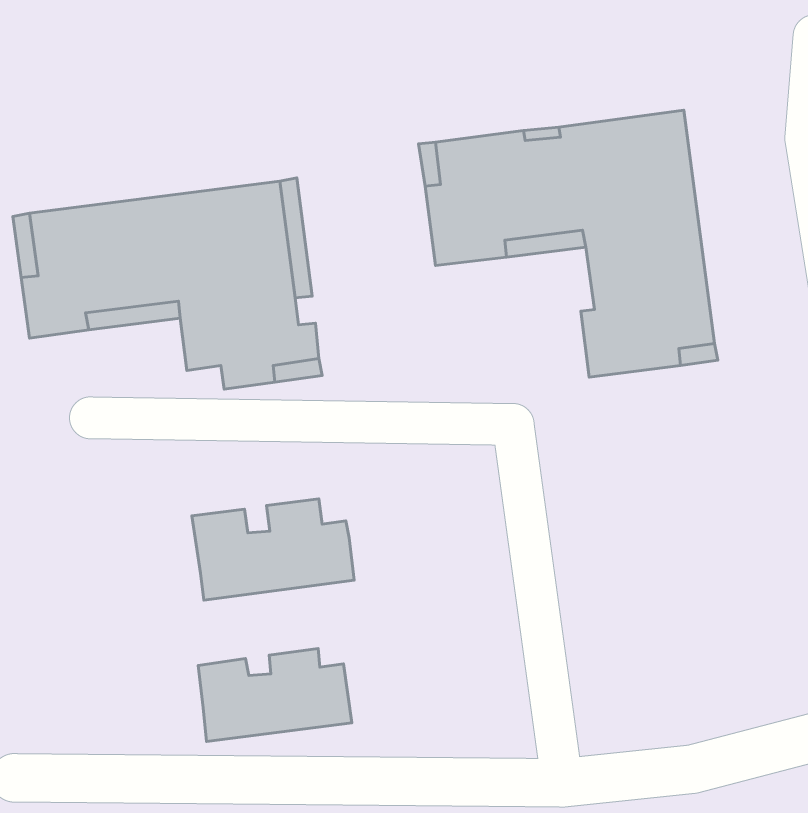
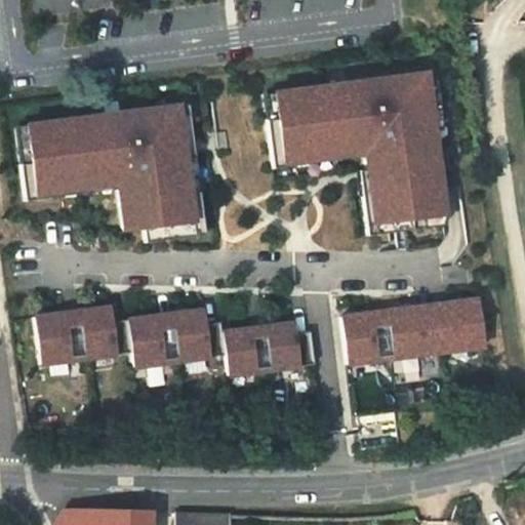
building: none -> [344,297,487,362]
building: none -> [37,305,134,364]
building: [198,649,352,741] -> [225,320,318,376]

